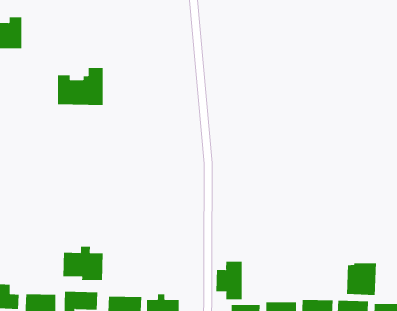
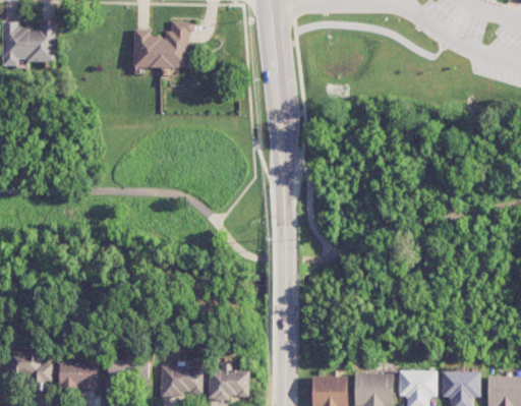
building: [57,67,104,105] -> [133,21,190,68]
building: [63,246,103,281] -> none
building: [216,261,242,300] -> none
building: [346,262,377,296] -> none

